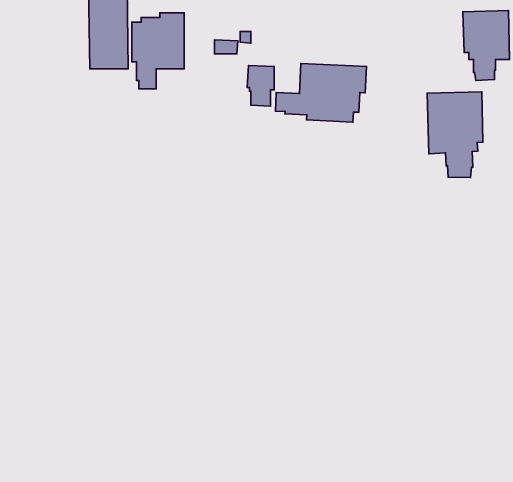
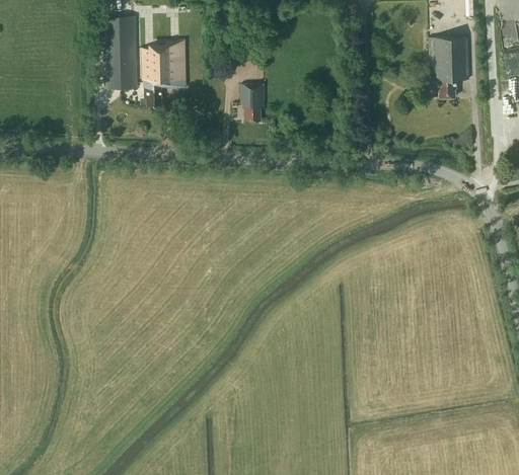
building: [275,64,366,122] -> none
building: [427,92,483,177] -> none

